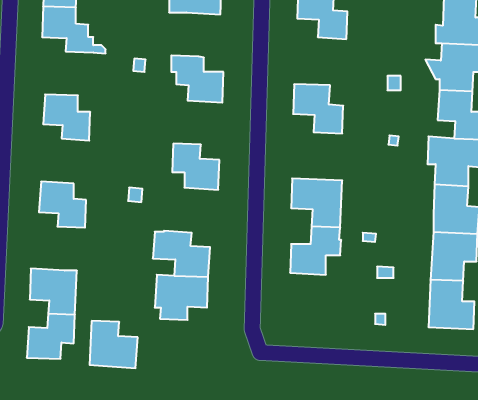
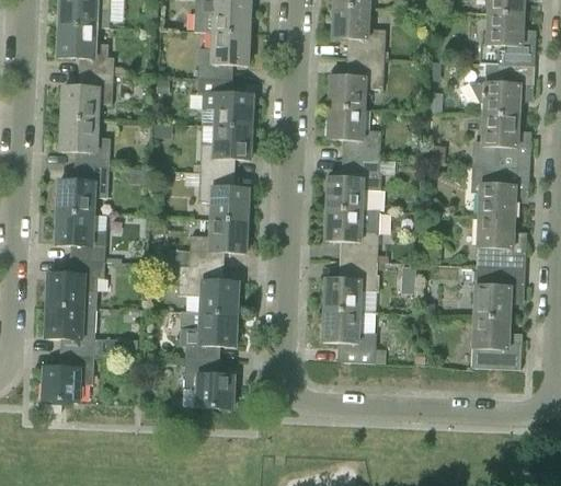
building: none -> [196,30,249,77]
building: none -> [328,56,383,107]
building: none -> [61,71,113,118]
building: none -> [198,124,251,171]
building: none -> [325,158,380,209]
building: none -> [57,164,108,212]
building: none -> [188,217,247,265]
building: none -> [46,258,104,305]
building: none -> [322,308,376,361]
building: [90,321,138,368] -> [182,357,233,407]

